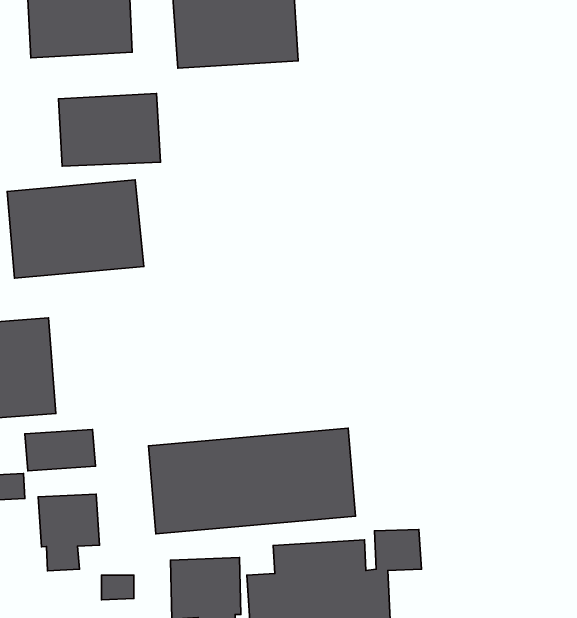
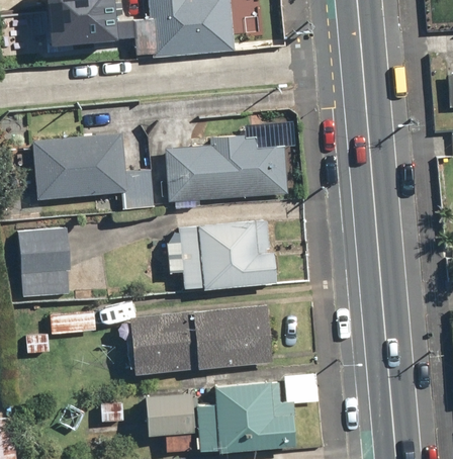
building: [58,94,160,166] -> none
building: none -> [163,135,289,202]
building: none -> [178,218,276,288]
building: [38,494,100,571] -> none

